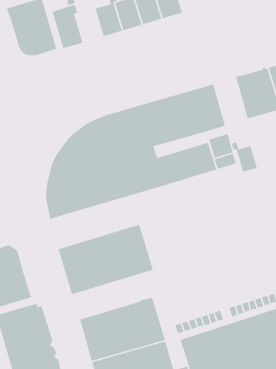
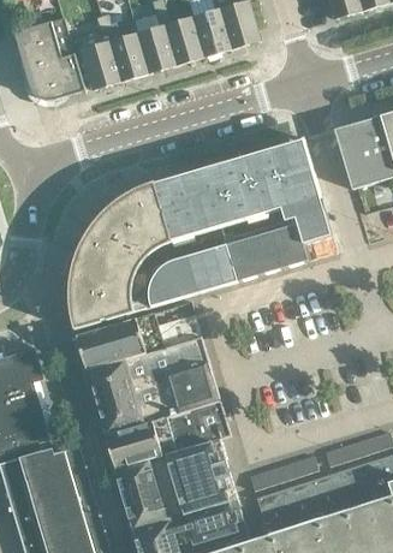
building: none -> [109,32,149,82]
building: [231,141,258,173] -> none
building: none -> [76,313,165,370]
building: none -> [105,400,230,469]

